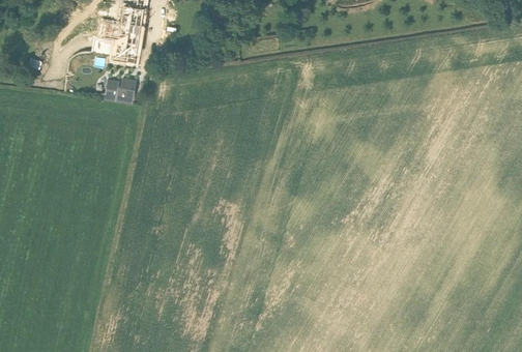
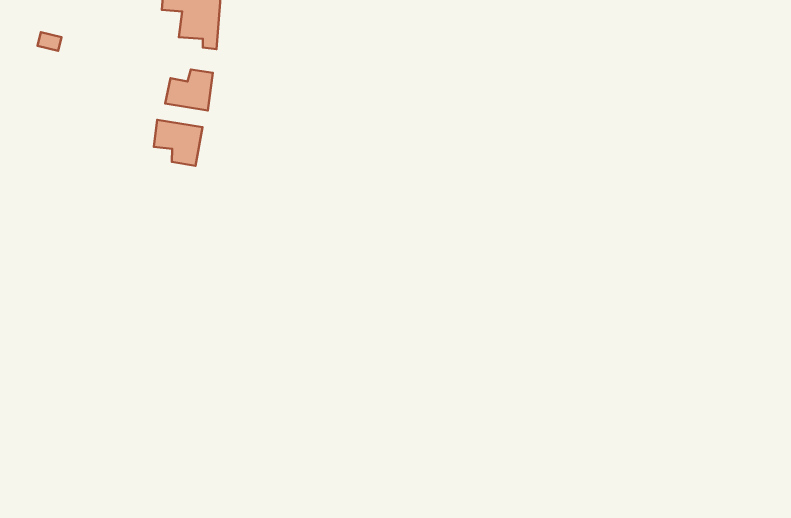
building: none -> [154,120,202,166]

